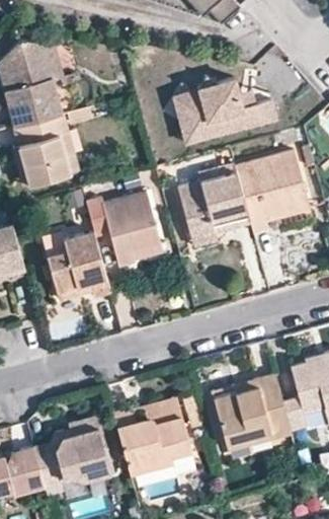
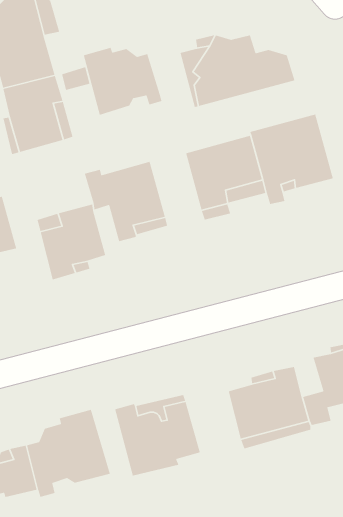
building: none -> [83,47,162,116]

